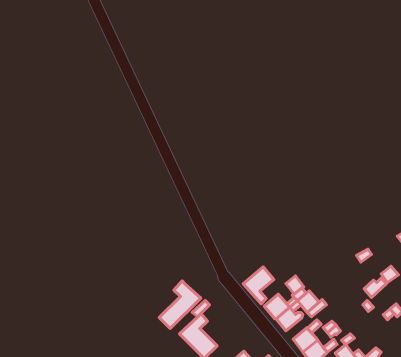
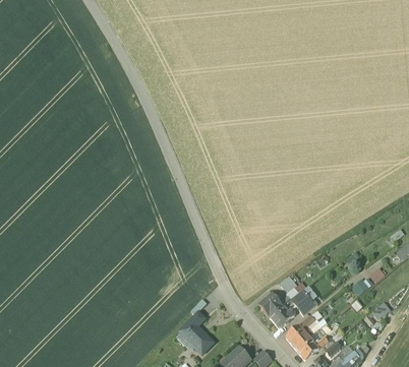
building: [243,267,274,304] -> none
building: [159,281,201,329] -> none

